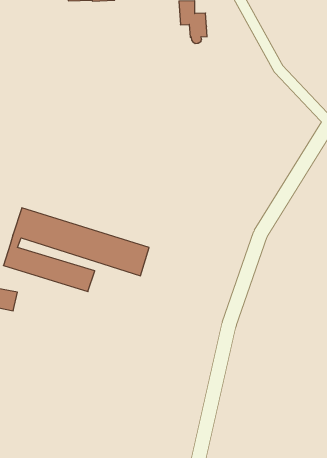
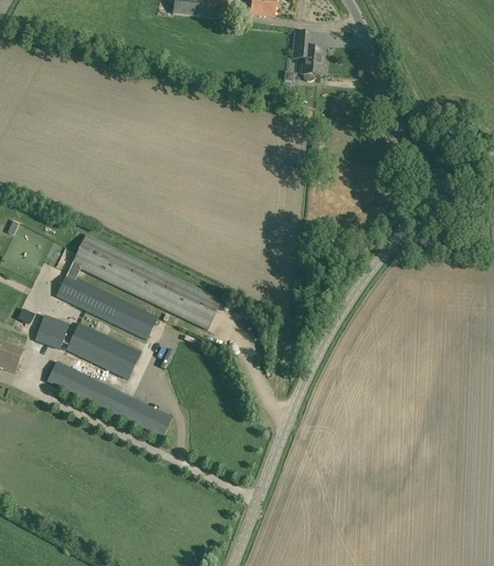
building: none -> [66,324,139,378]
building: none -> [46,361,172,436]

